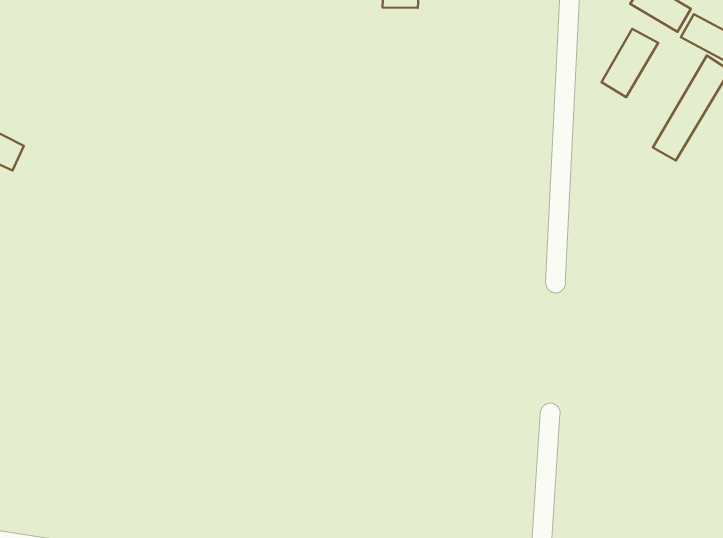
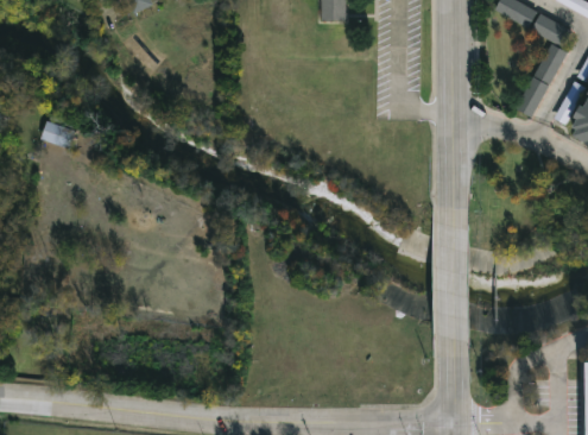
building: [602,29,658,97] -> none

